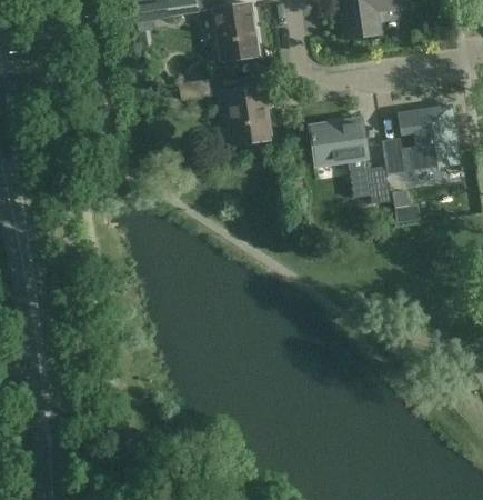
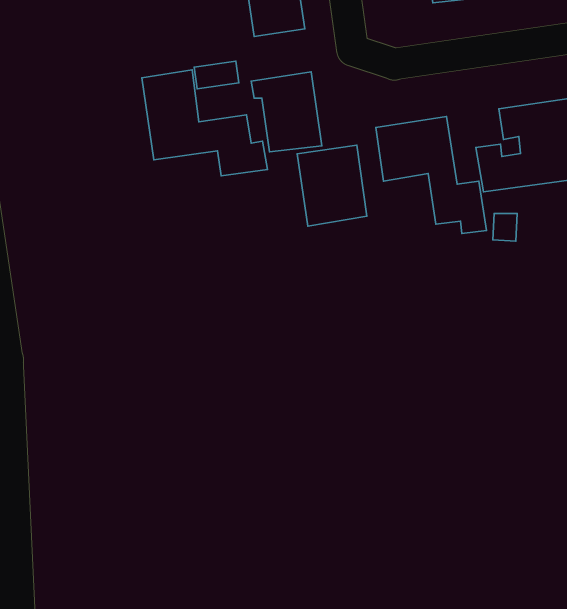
building: none -> [142,70,267,176]
building: none -> [297,145,367,226]

